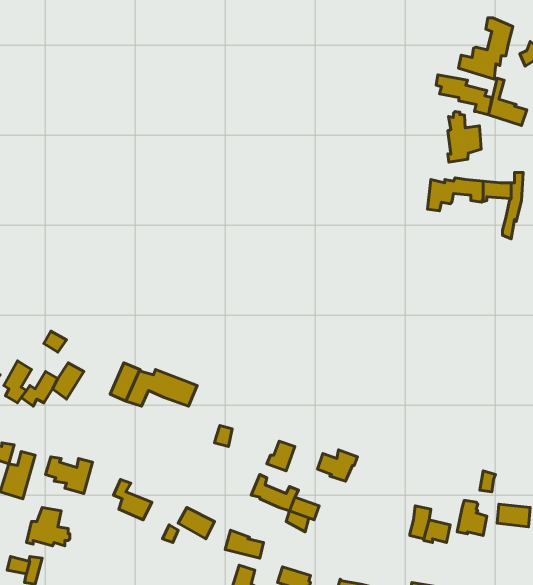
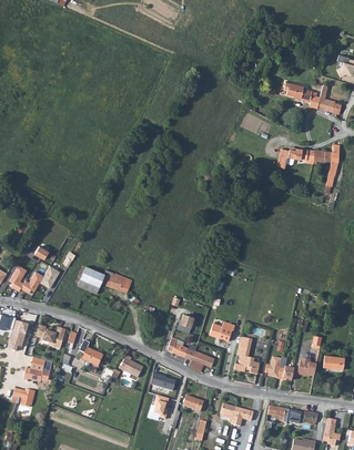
building: [458,18,513,79] -> none
building: [448,112,481,162] -> none
building: none -> [233,337,259,375]

